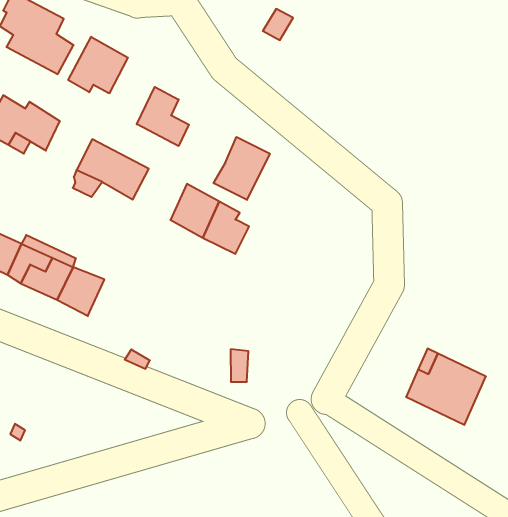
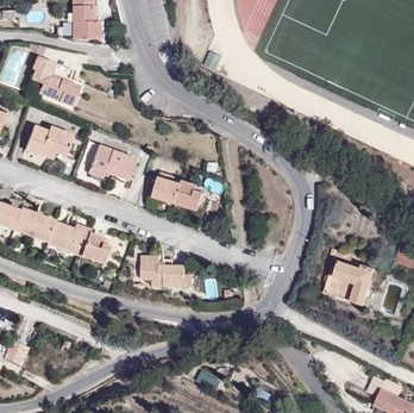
building: [68,37,128,93] -> none
building: [137,87,189,146] -> none
building: [214,137,270,200] -> none
building: none -> [143,255,196,289]

